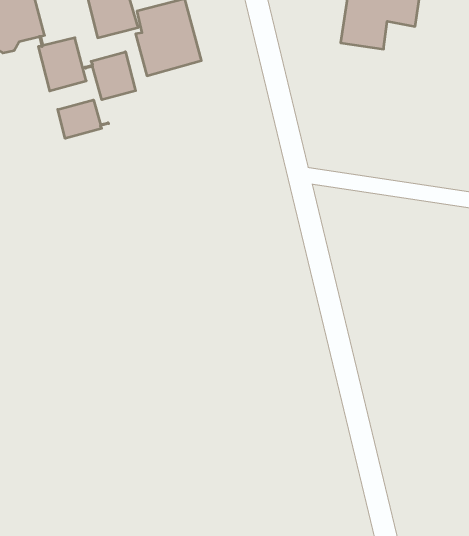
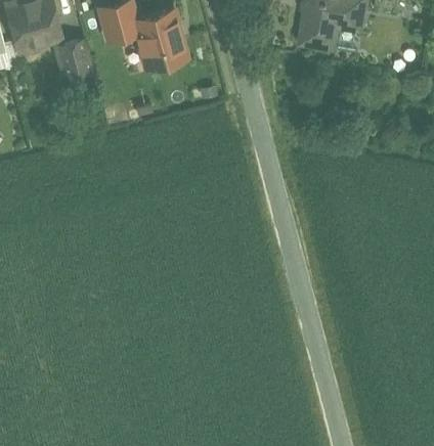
building: [85,52,136,100] -> none
building: [58,100,109,138] -> none

